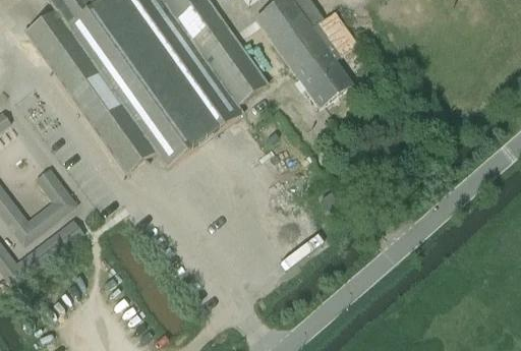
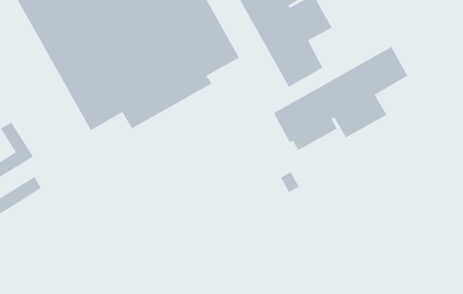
building: none -> [273,46,408,151]

